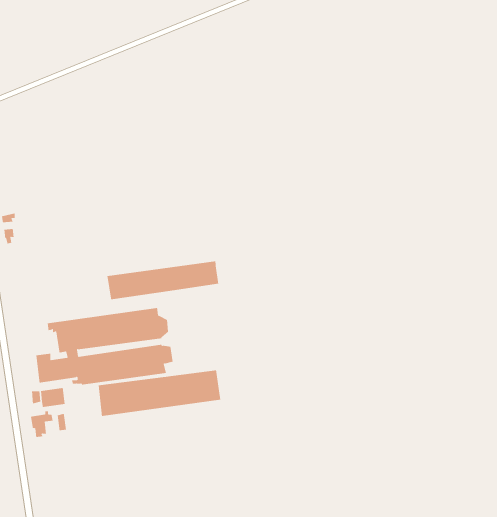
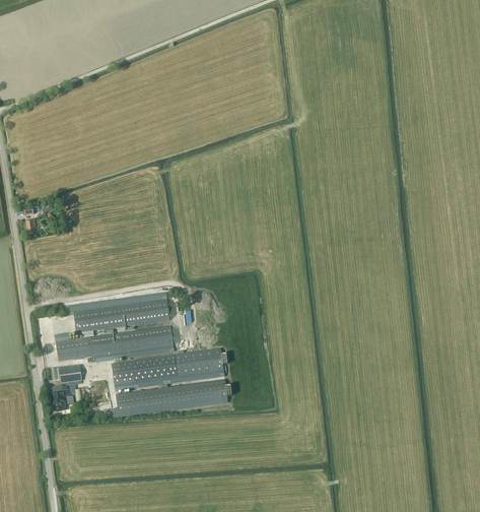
building: [107,261,219,300] -> none
building: none -> [116,379,228,418]

